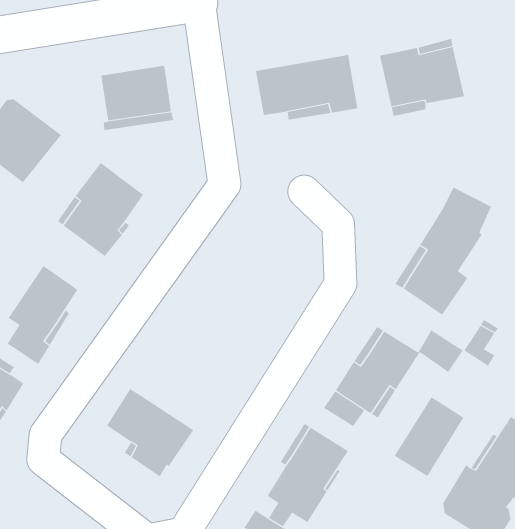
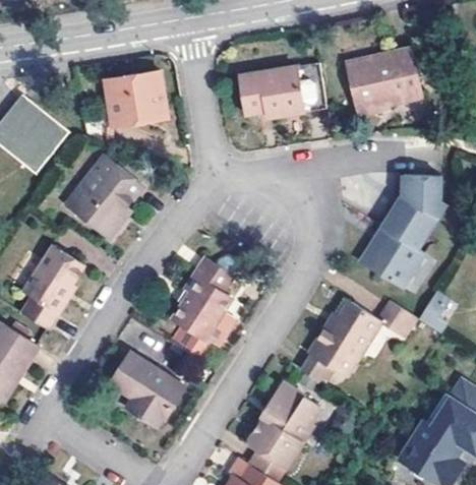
building: none -> [172,257,237,361]
building: [394,397,464,477] -> none

